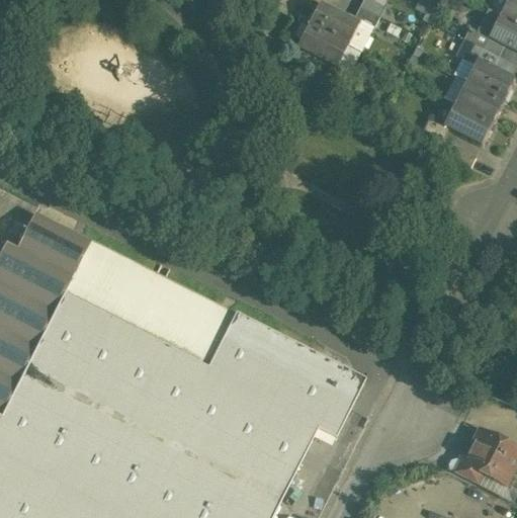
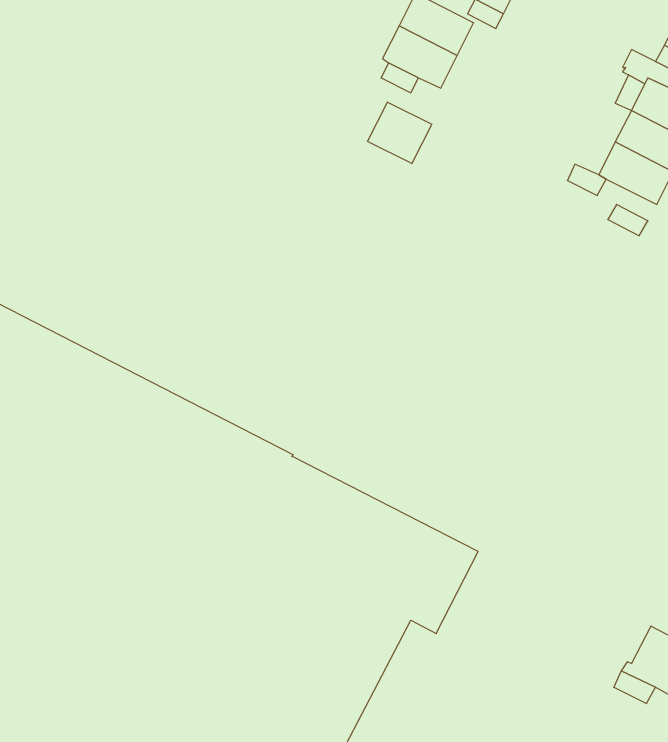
building: none -> [367,102,432,164]

